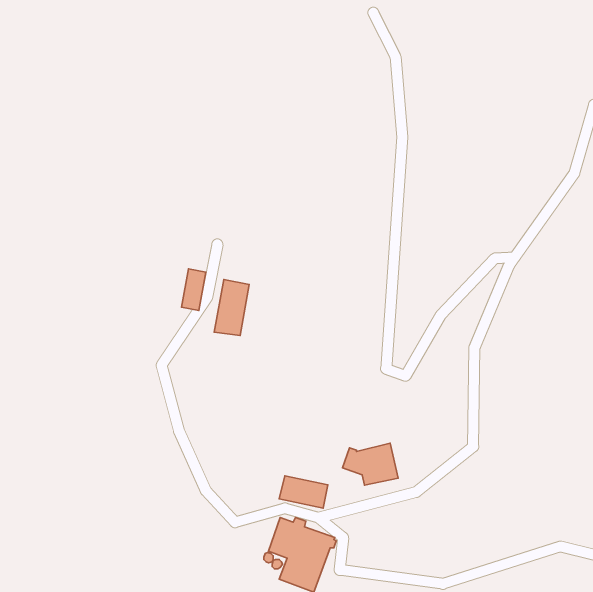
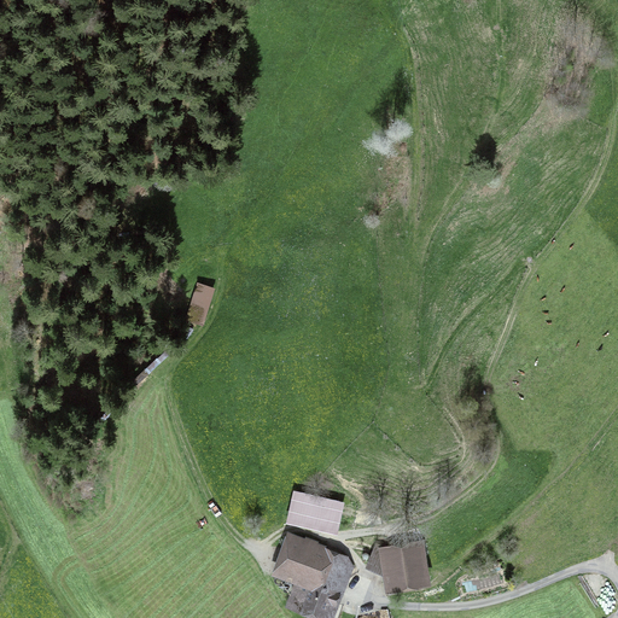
building: [214,279,249,336] -> none
building: [342,443,398,485] -> [368,541,426,584]

